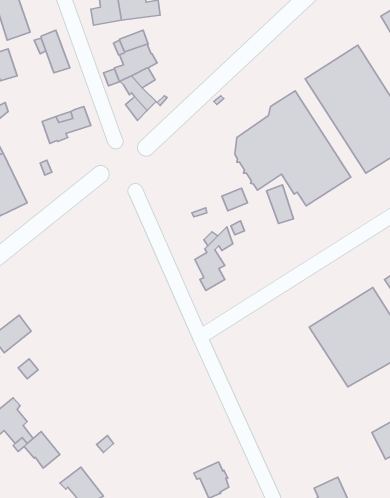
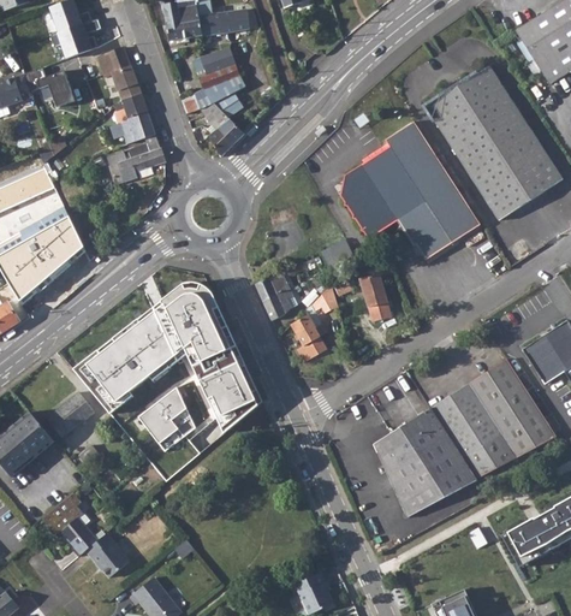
building: none -> [111,91,156,142]
building: [267,185,293,224] -> [361,273,393,320]
building: none -> [255,271,293,320]
building: none -> [75,282,264,480]
building: none -> [373,405,477,515]

